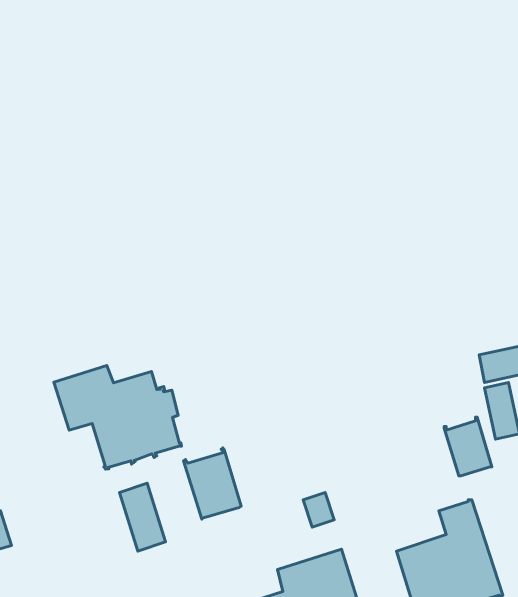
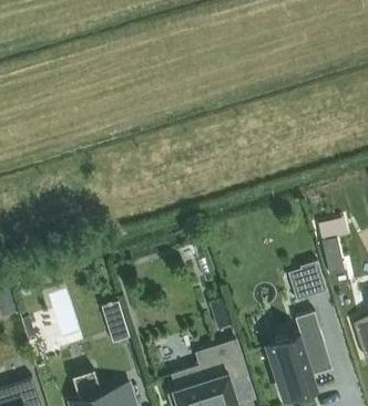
building: [54,366,181,469] -> none
building: [184,448,241,519] -> none

